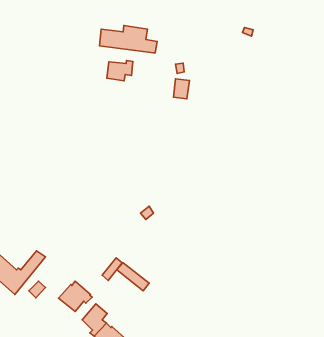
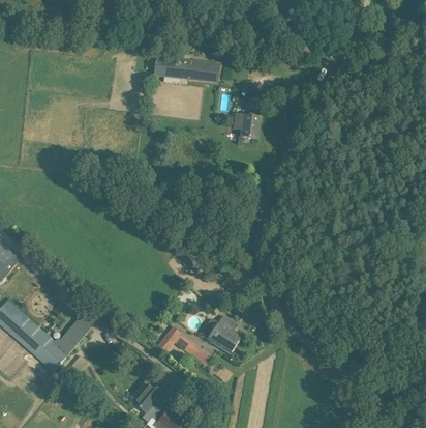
building: [107,61,133,81] -> none
building: none -> [207,314,240,353]
building: [59,281,92,311] -> none

